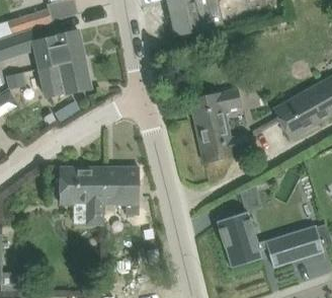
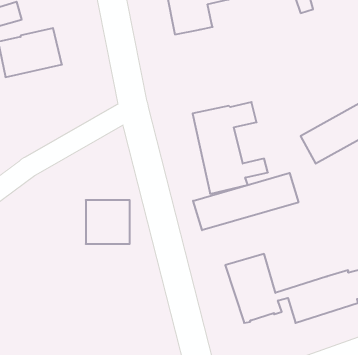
building: [38,59,90,97] -> none
building: none -> [193,173,298,230]
building: [59,167,103,225] -> none

